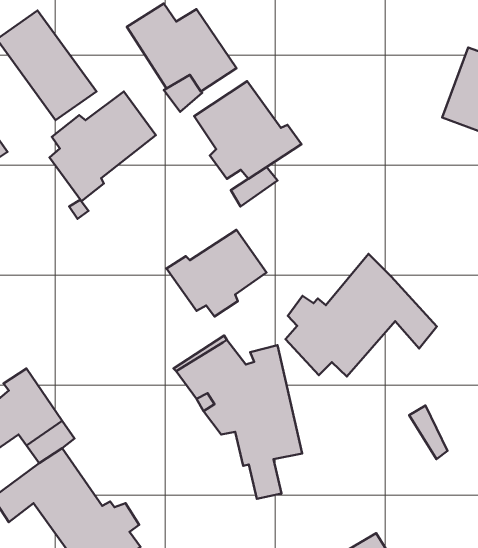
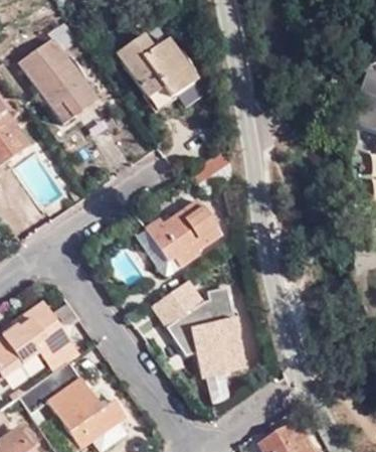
building: [194,81,301,179] -> none
building: [50,91,156,201] -> none
building: [285,254,437,377] -> none

